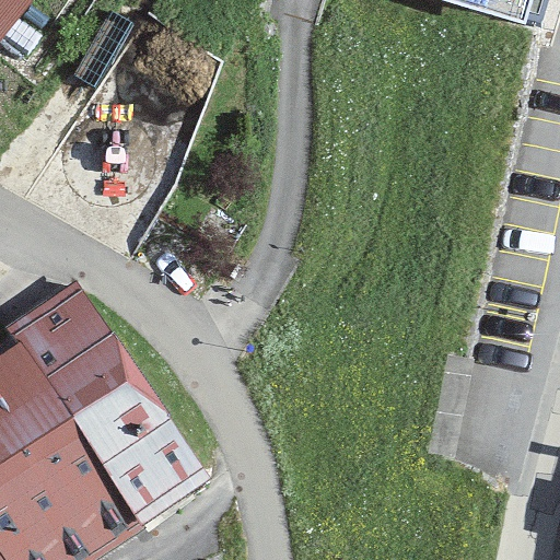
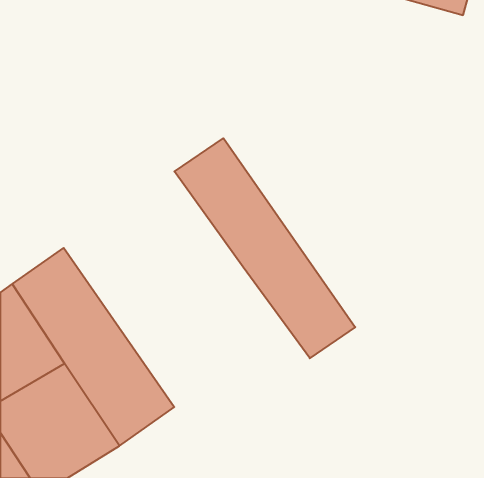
building: none -> [174,138,355,358]

